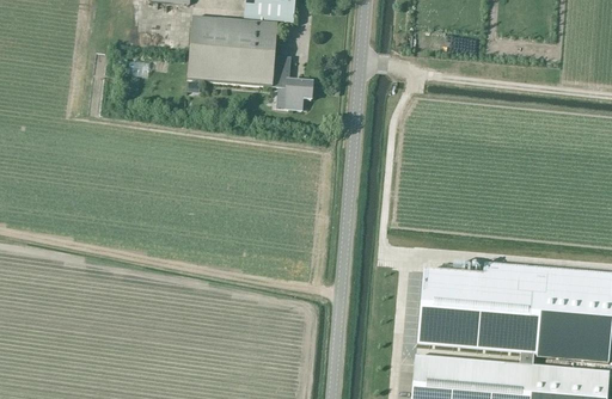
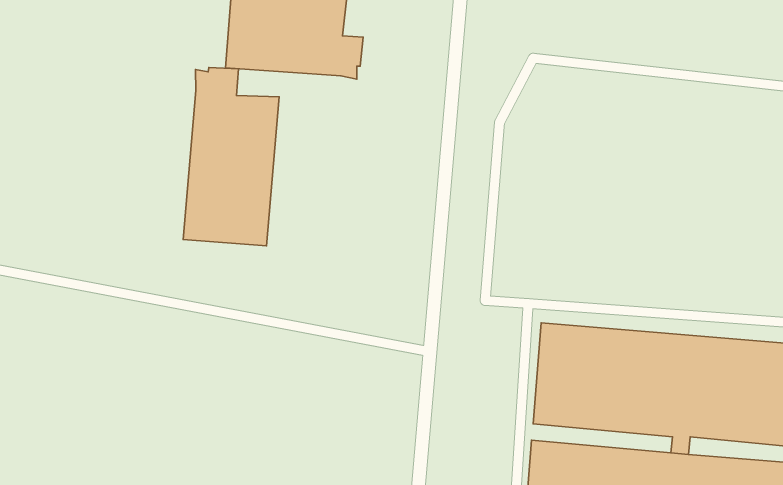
building: [286,75,314,105] -> none
building: none -> [183,68,279,246]

